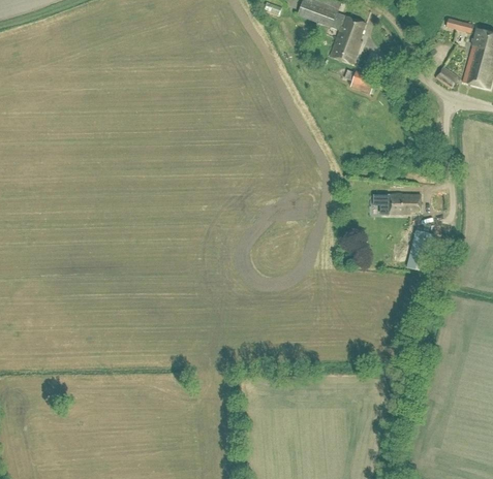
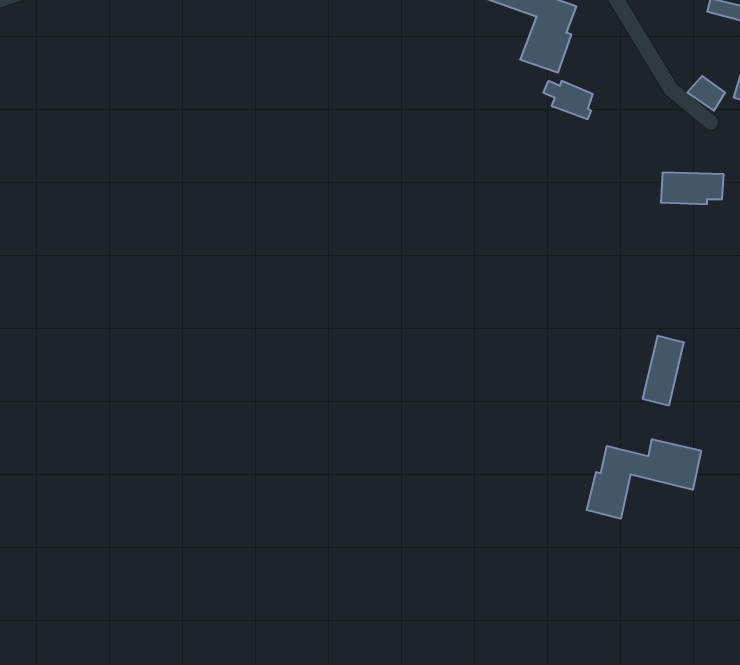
building: [381,194,421,214] -> [661,173,724,204]
building: none -> [587,439,701,519]

